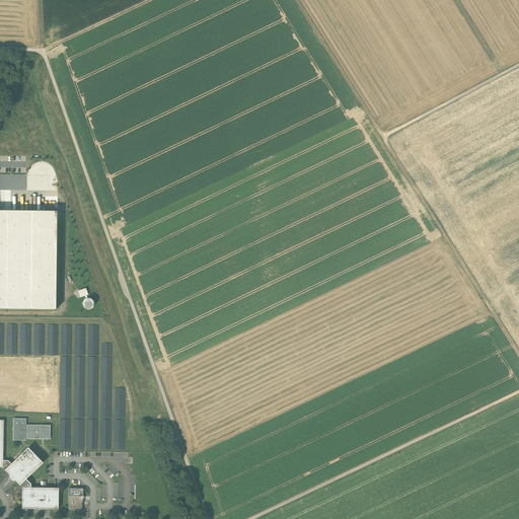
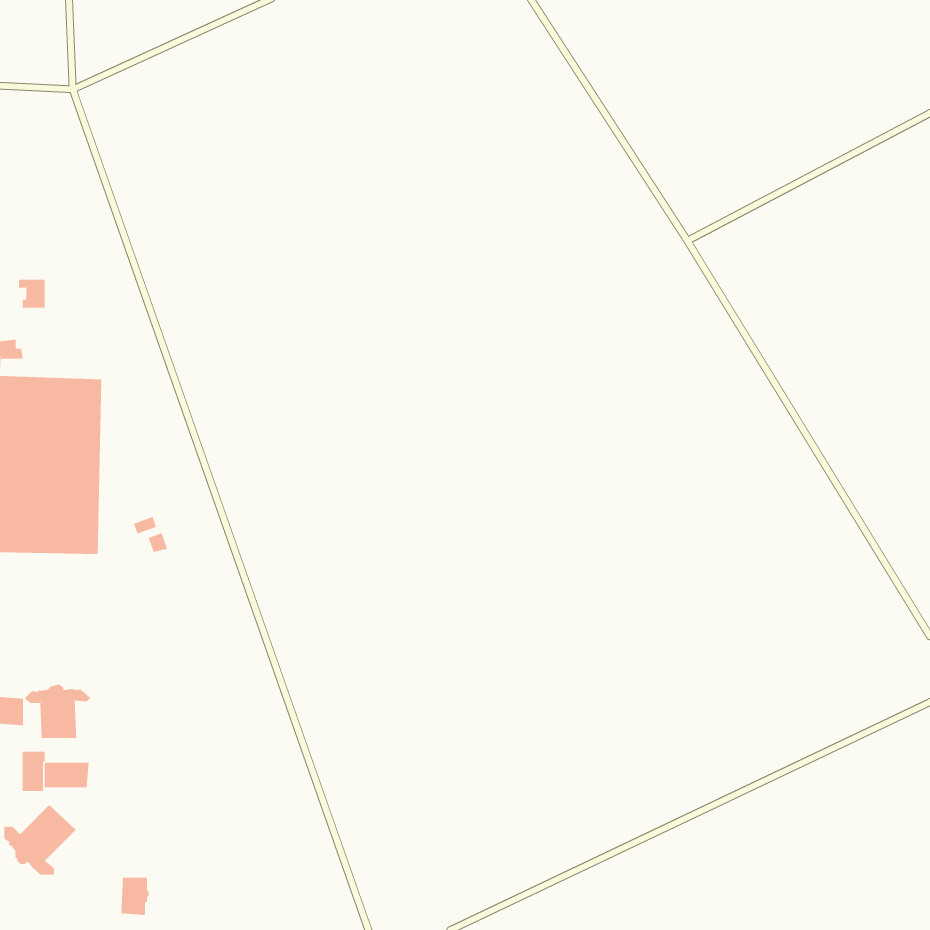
building: none -> [24,684,91,739]
building: [22,487,60,508] -> none

